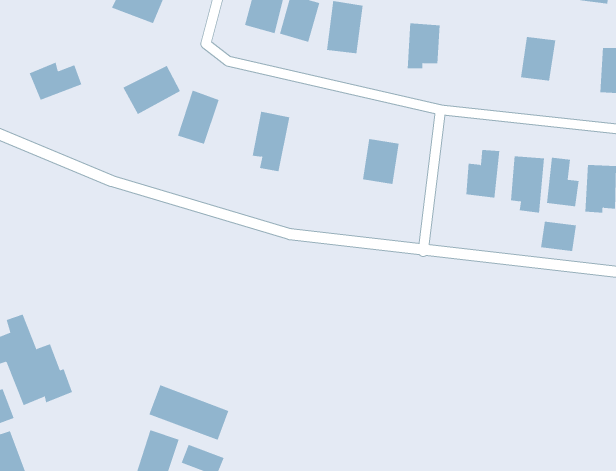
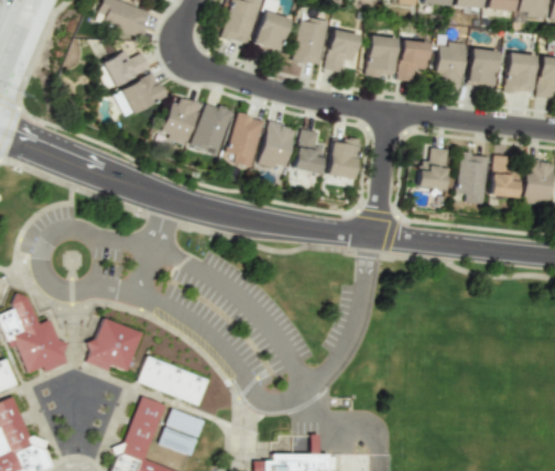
building: none -> [326,30,359,70]
building: none -> [398,39,429,81]
building: none -> [435,41,466,87]
building: none -> [504,52,536,94]
building: [29,62,82,101] -> [104,51,151,85]
building: none -> [191,101,233,154]
building: none -> [258,121,296,169]
building: none -> [293,129,325,174]
building: [541,221,577,252] -> none
building: none -> [87,317,142,371]

